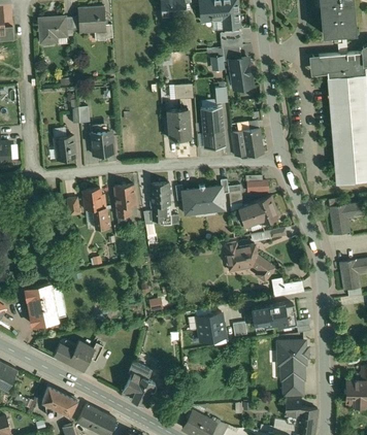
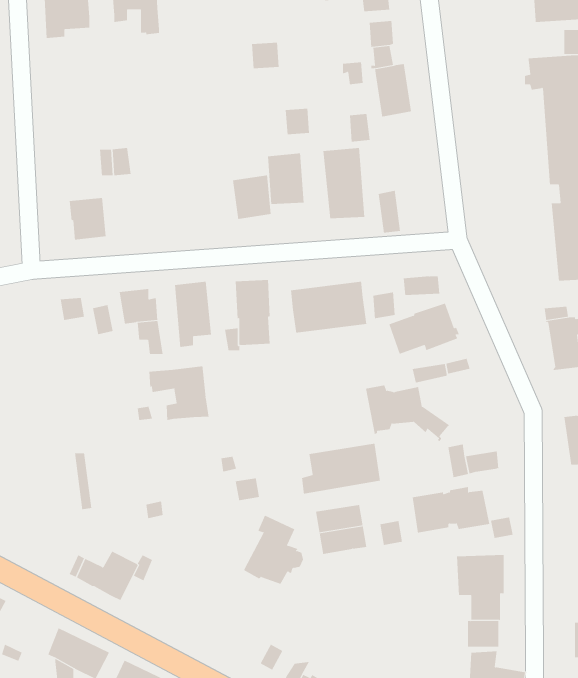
building: [241,129,262,157] -> none
building: [91,131,113,157] -> [232,175,272,220]
building: none -> [149,366,209,421]
building: none -> [301,443,380,495]
building: [25,283,58,325] -> none
building: [121,361,156,401] -> [243,515,304,585]

